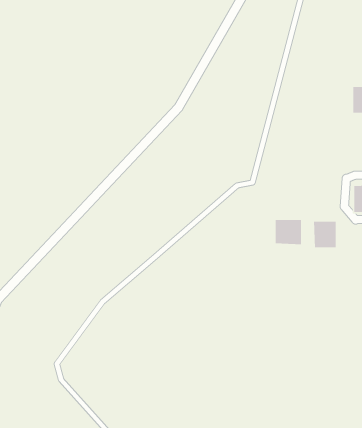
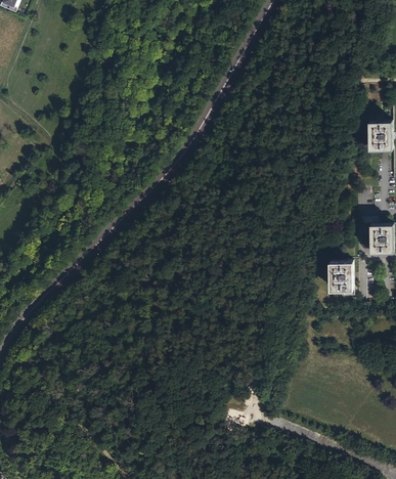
building: [275,219,302,245] -> none

